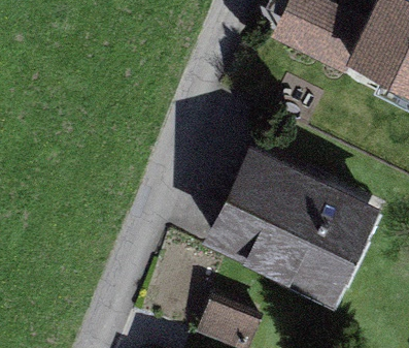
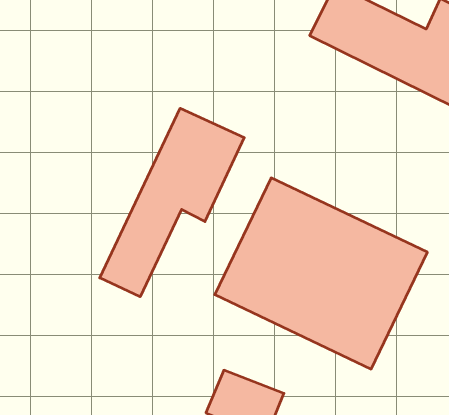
building: none -> [100,108,244,297]

